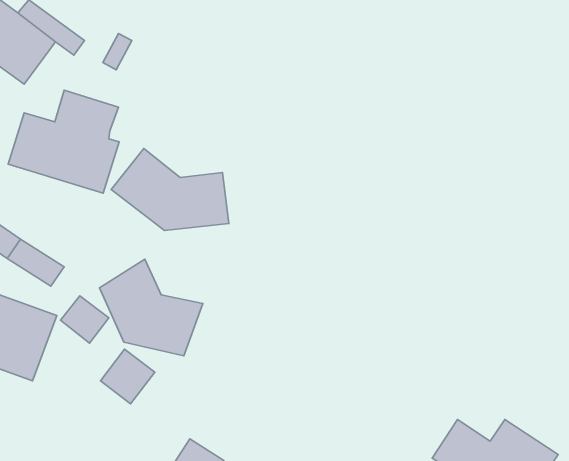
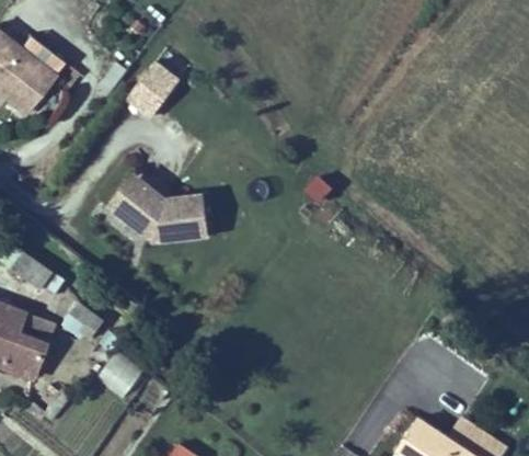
building: none -> [123,60,181,122]
building: [8,90,119,193] -> none
building: [99,259,203,356] -> none

